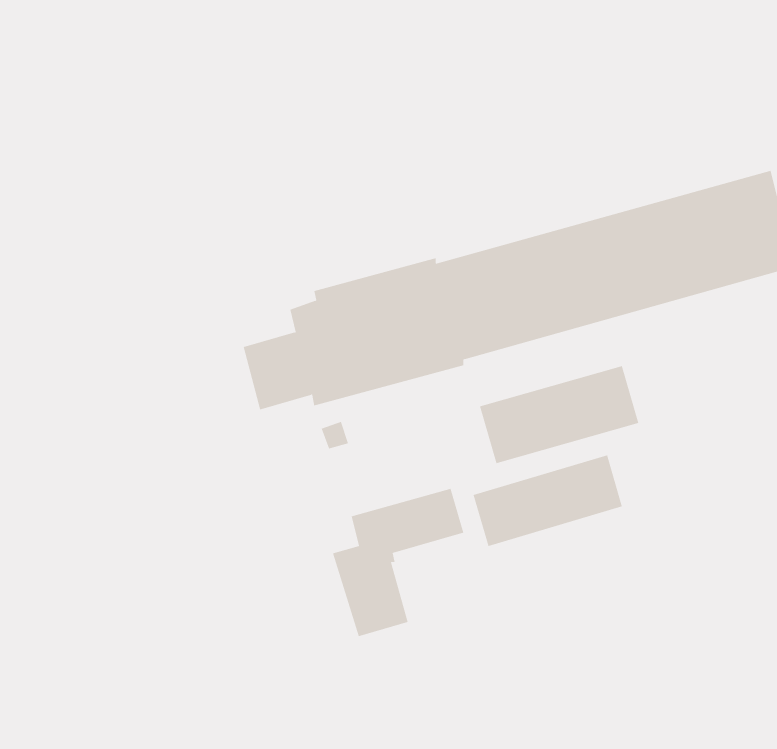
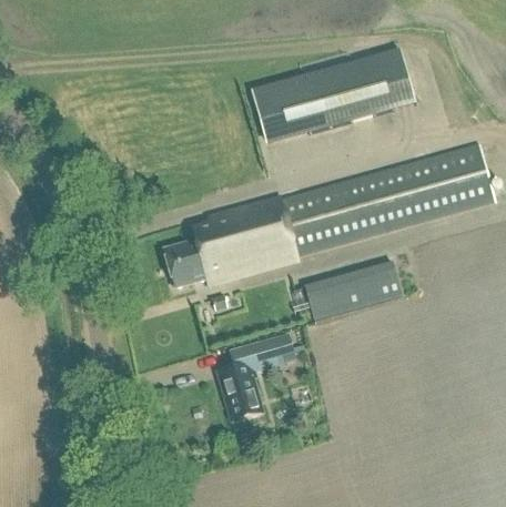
building: none -> [251,51,415,138]
building: [473,455,623,547] -> none

